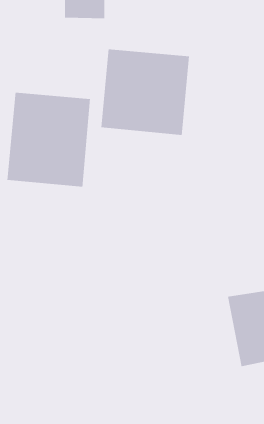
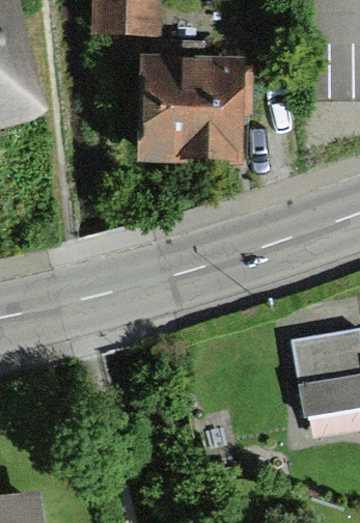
building: [7,92,91,188] -> none

